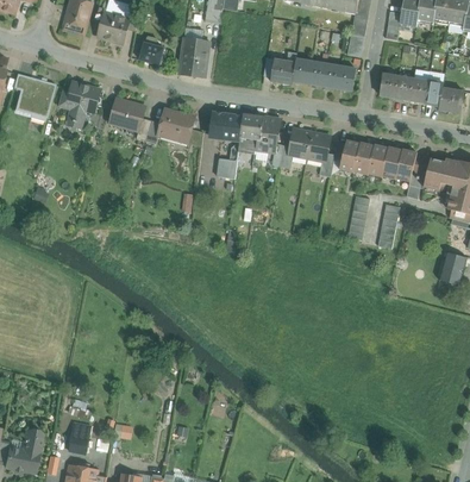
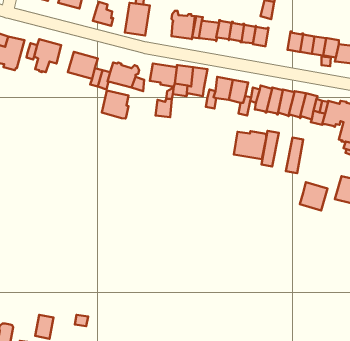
building: none -> [171,11,195,39]
building: none -> [102,91,129,118]
building: none -> [234,131,266,159]
building: none -> [300,182,328,210]

